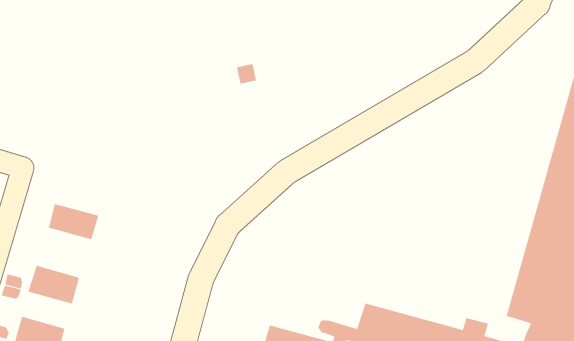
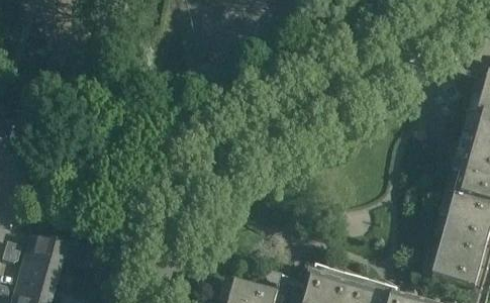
building: [48,203,99,240] -> [19,256,62,286]

